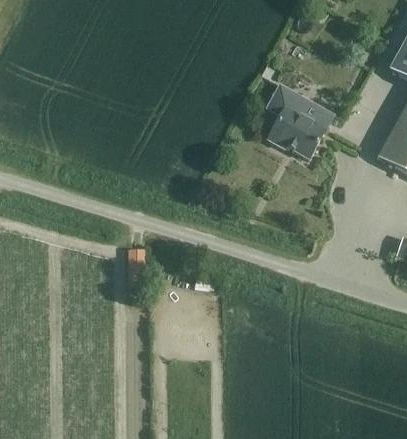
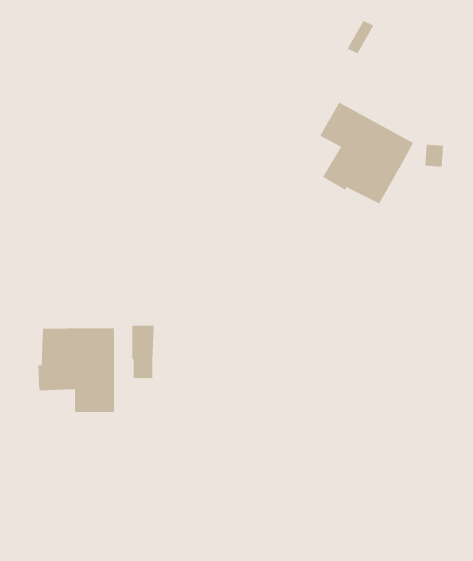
building: none -> [38,327,115,413]

